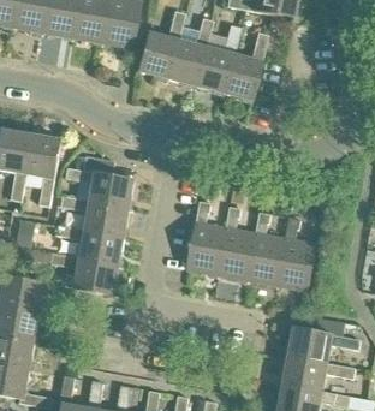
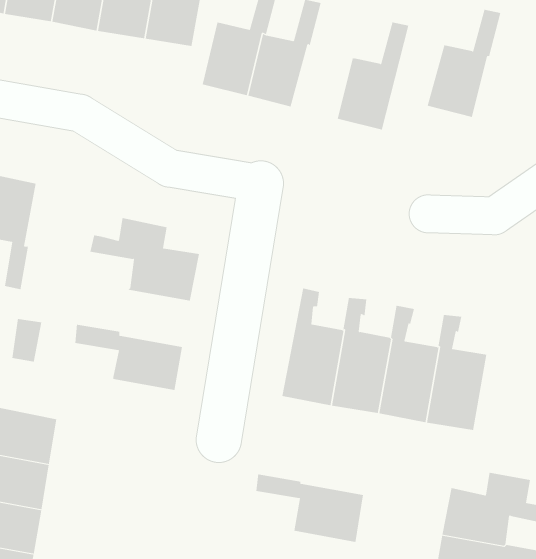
building: [192,25,239,94] -> [427,9,501,117]
building: [24,135,61,207] -> none
building: [60,196,129,238] -> none
building: [50,252,119,296] -> [255,474,364,542]

